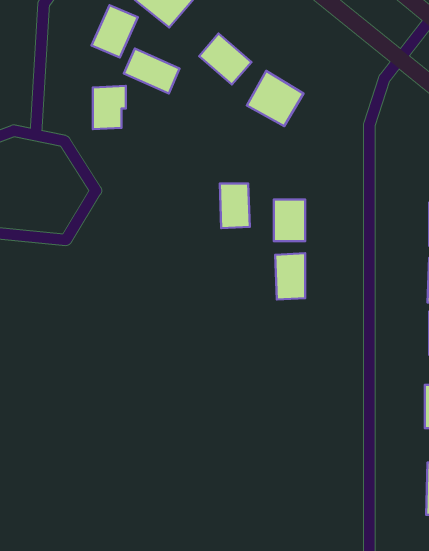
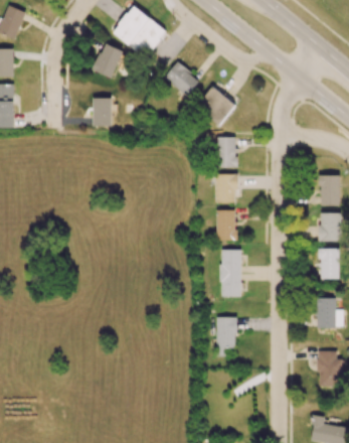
building: [124,49,180,93] -> none
building: [220,183,250,228] -> [217,137,237,167]
building: none -> [220,249,241,296]
building: none -> [216,316,236,355]

